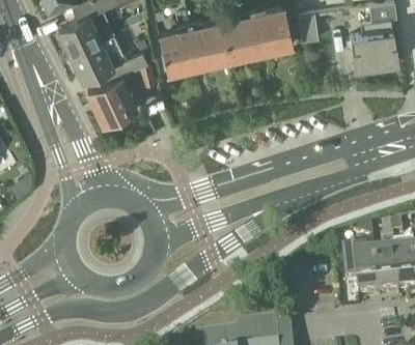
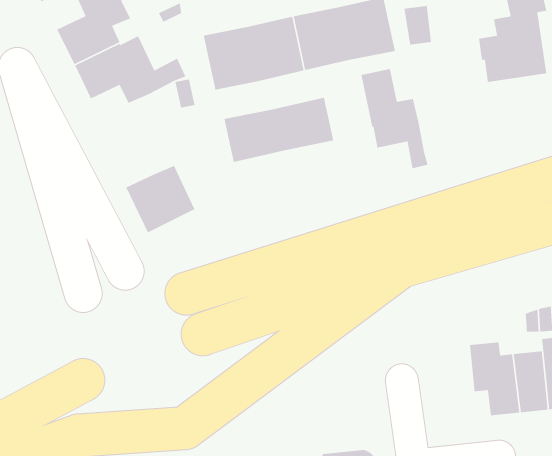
building: none -> [361,68,428,169]
building: [88,76,137,123] -> [125,165,196,233]
building: none -> [224,97,334,163]

